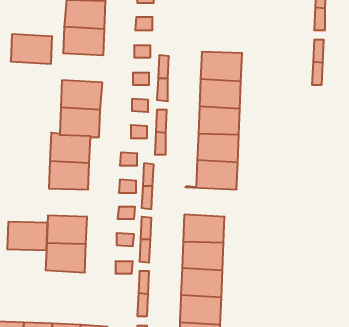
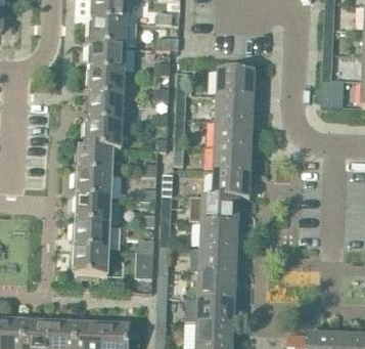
building: [11,34,52,64] -> [87,68,126,95]
building: none -> [201,193,250,221]
building: [7,222,48,250] -> [74,194,111,221]

